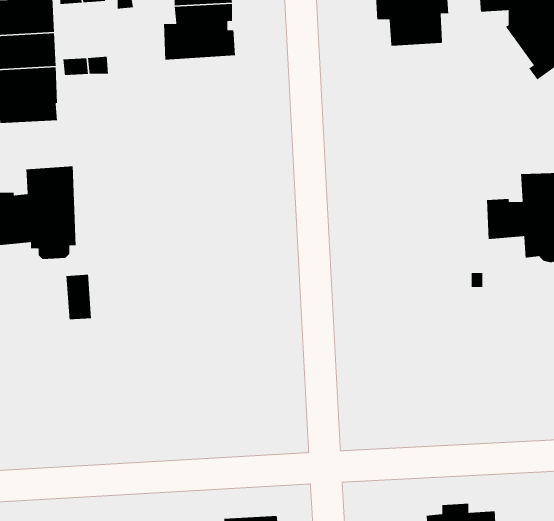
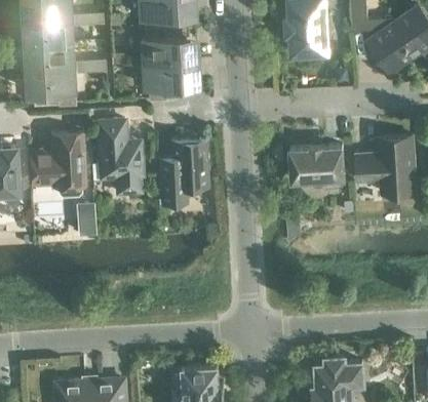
building: none -> [142,61,191,99]
building: none -> [96,121,142,194]
building: none -> [157,142,206,205]
building: none -> [288,147,343,189]

